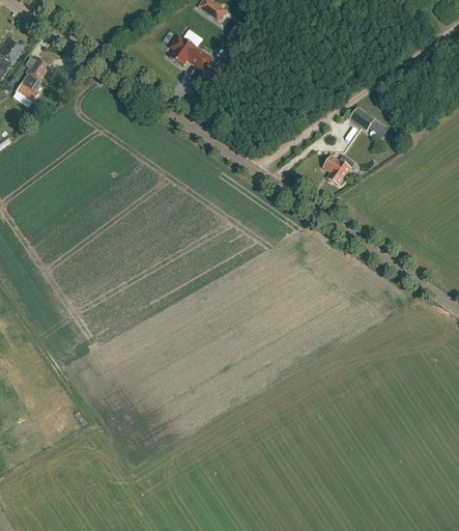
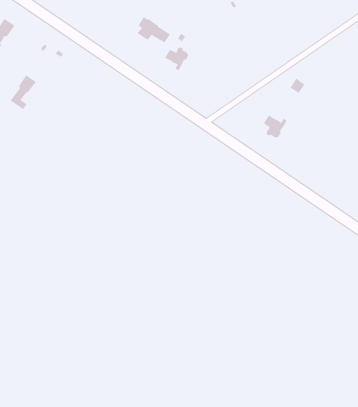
building: [17,57,50,101] -> [10,74,37,110]
building: none -> [164,47,189,71]

